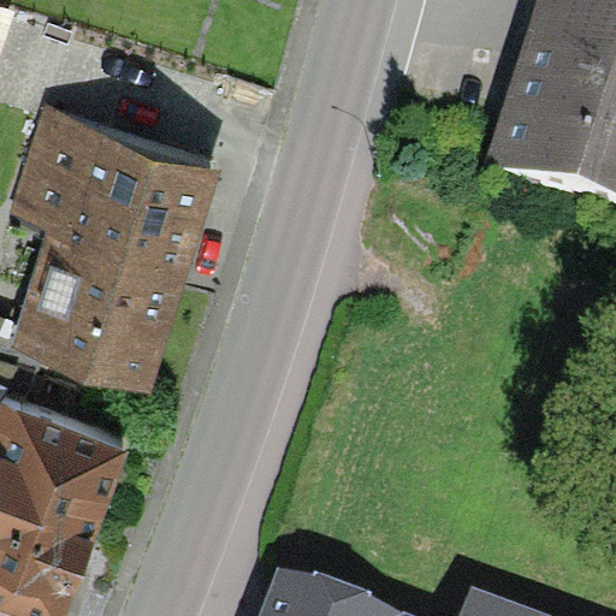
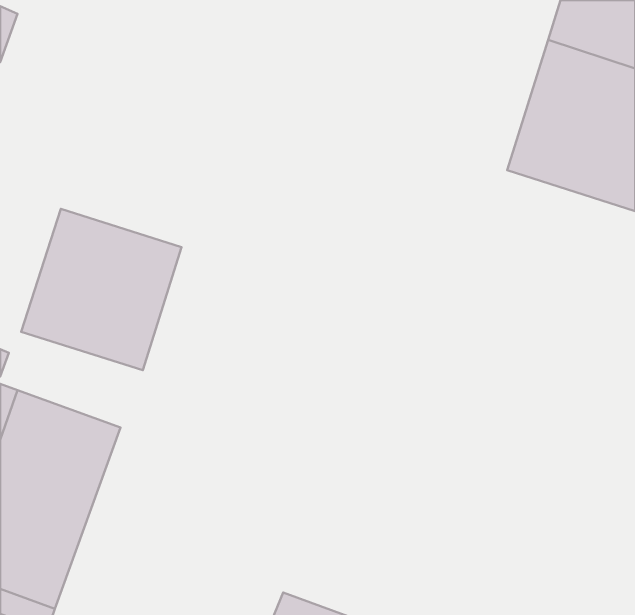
building: [17,108,208,259] -> none

